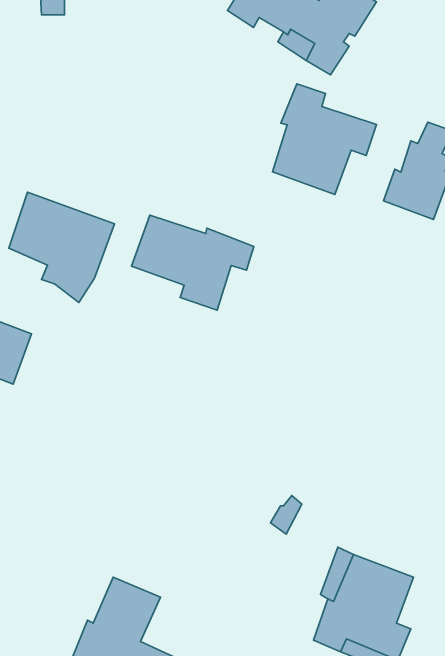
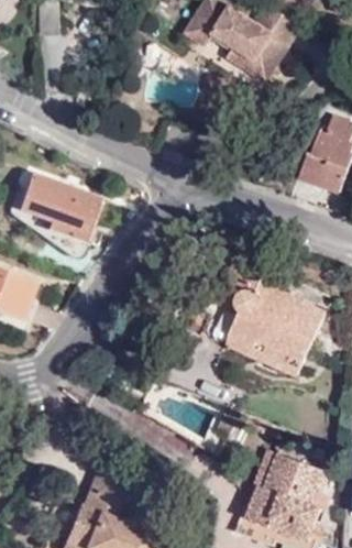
building: [272,84,376,194] -> none
building: [131,215,254,310] -> none
building: none -> [204,264,325,376]

